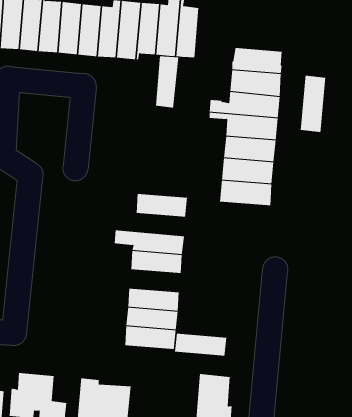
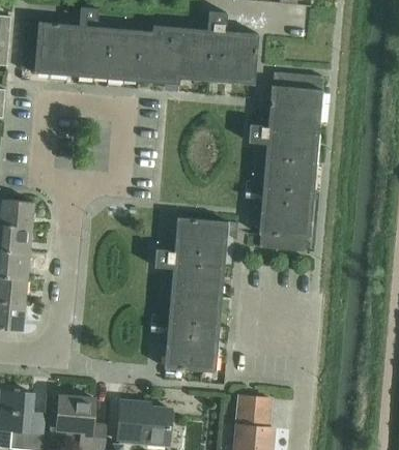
building: [155,56,179,108] -> [235,33,259,85]
building: [300,75,326,133] -> none
building: none -> [259,226,311,251]
building: none -> [155,237,226,260]
building: [174,333,227,356] -> [169,293,222,316]

